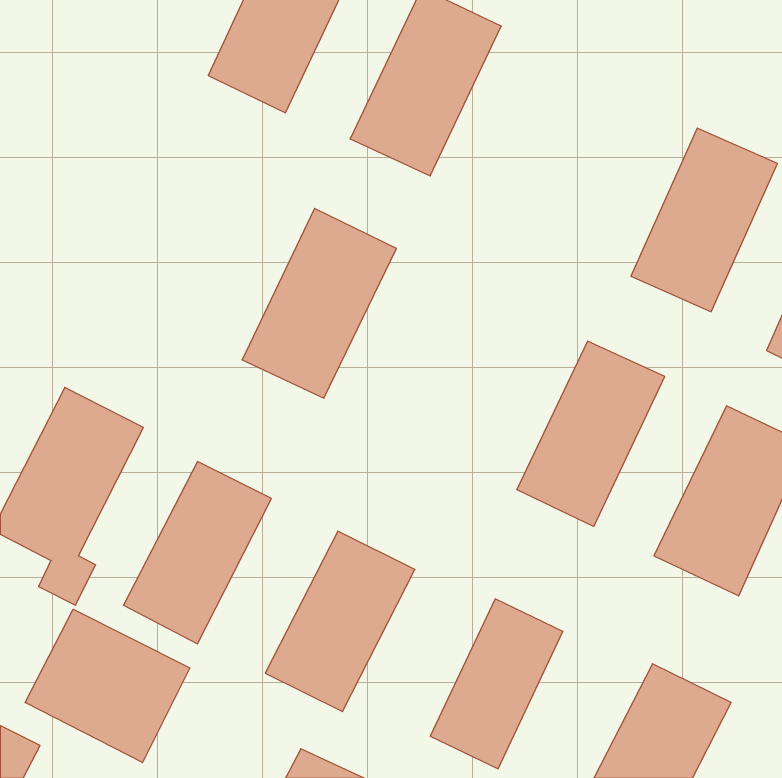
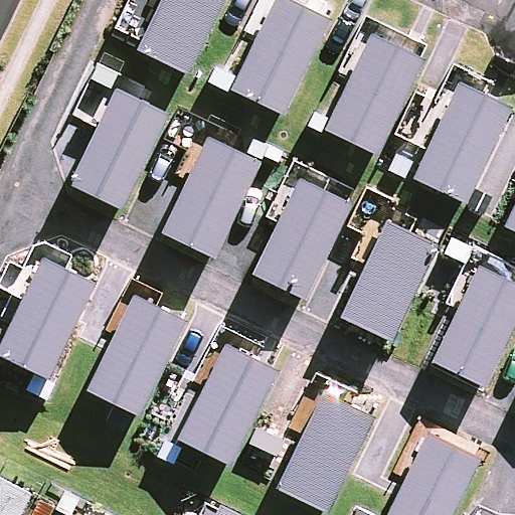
building: none -> [325,34,424,157]
building: none -> [65,74,178,211]
building: none -> [253,178,353,301]
building: [25,609,190,763] -> none

